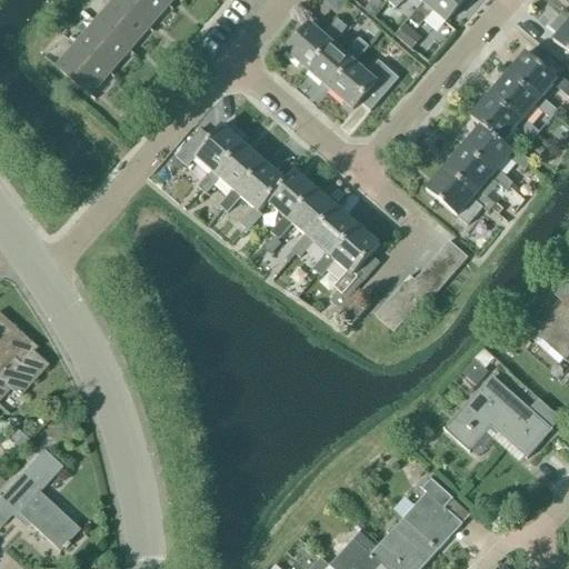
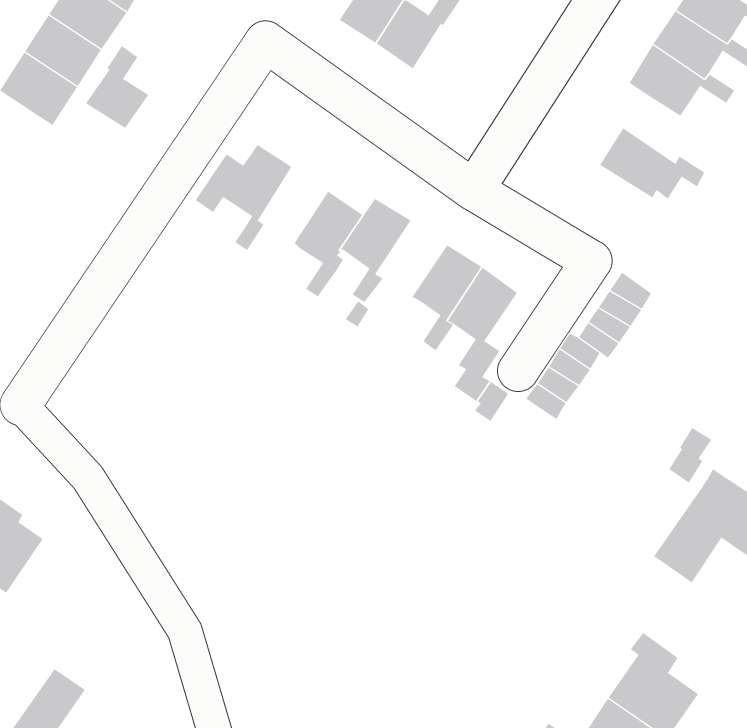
building: none -> [85,45,149,129]
building: [330,59,398,109] -> none
building: [462,124,531,172] -> none
building: [216,141,263,211] -> none
building: [426,167,495,216] -> none
building: [288,187,337,256] -> none

